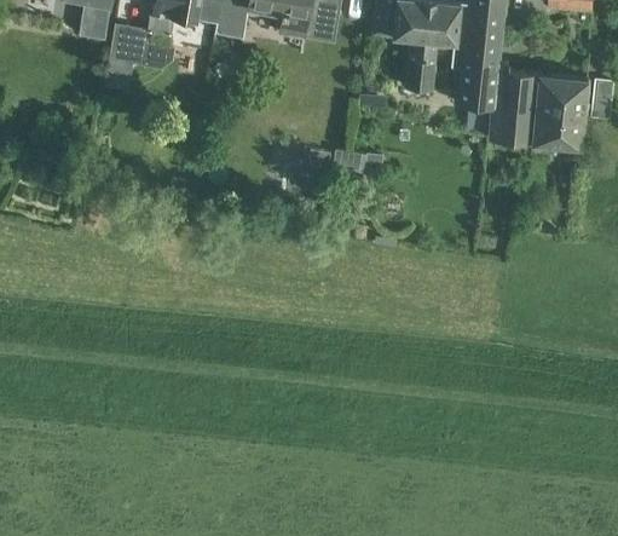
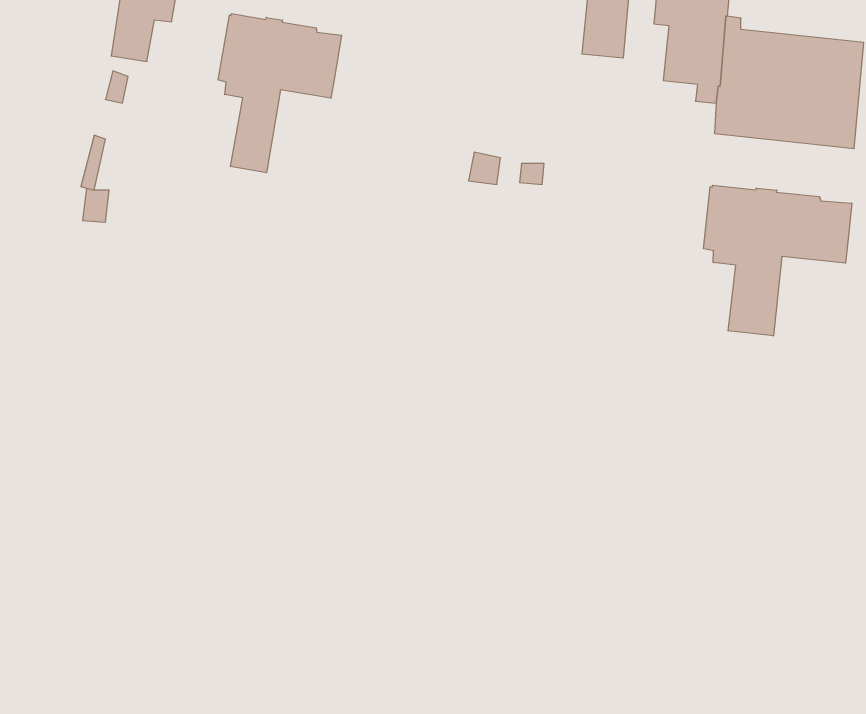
building: none -> [218,14,342,173]
building: none -> [704,185,852,336]

